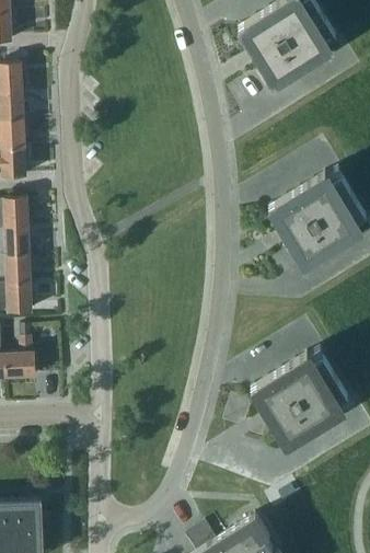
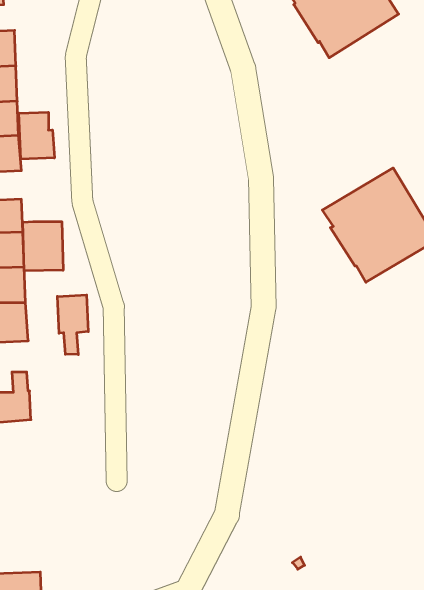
building: none -> [19,112,54,159]
building: none -> [23,222,63,271]
building: none -> [57,295,88,355]
building: [251,353,343,446] -> none

